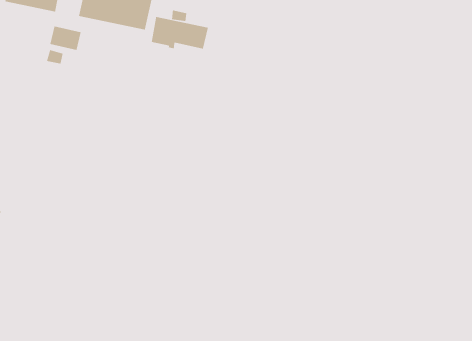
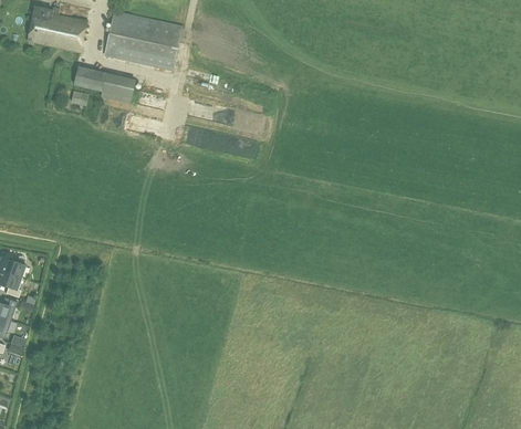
building: [151,16,208,49] -> none
building: none -> [102,72,136,103]

